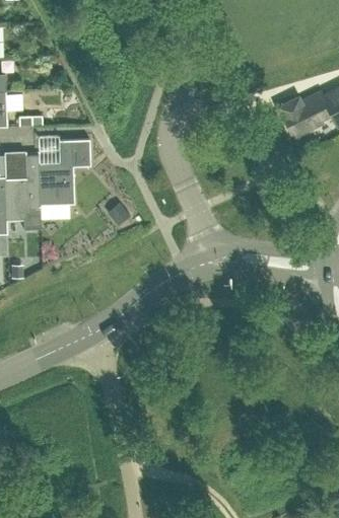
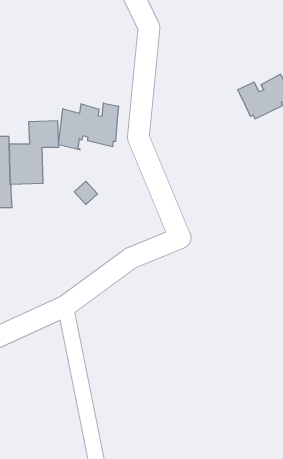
building: none -> [59,103,118,150]

